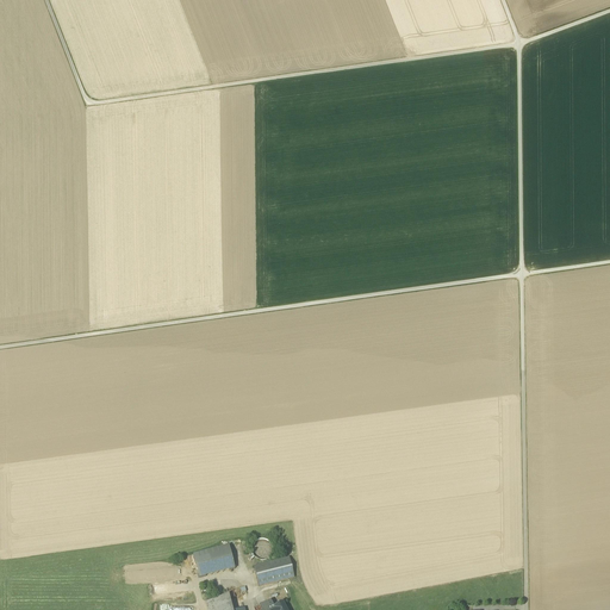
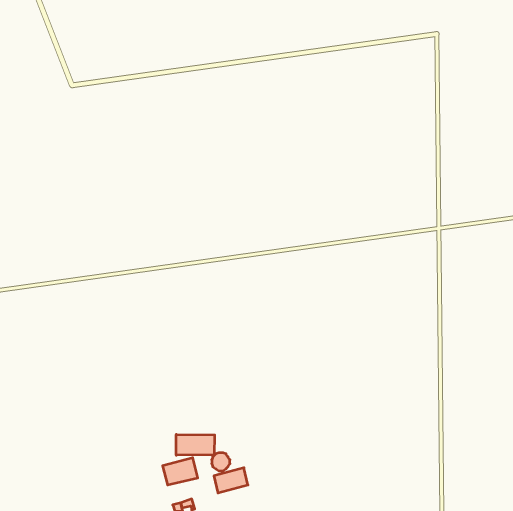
building: none -> [176,434,215,455]

